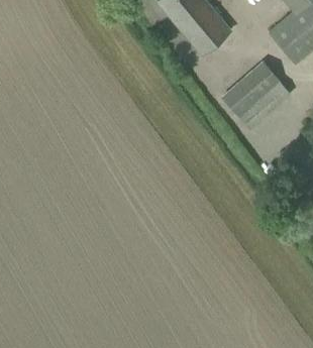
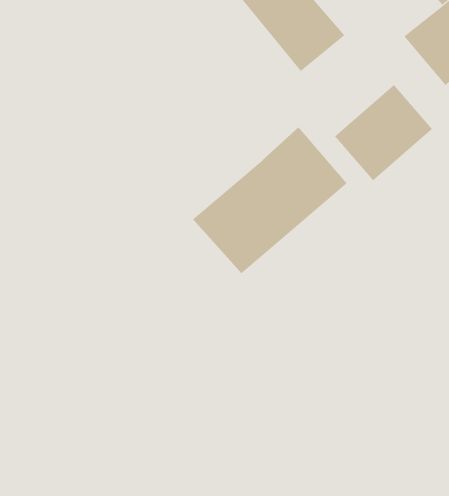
building: none -> [192,127,347,274]

